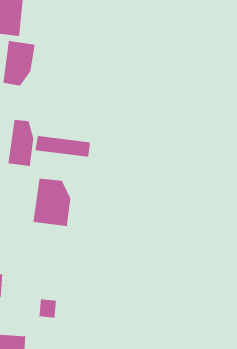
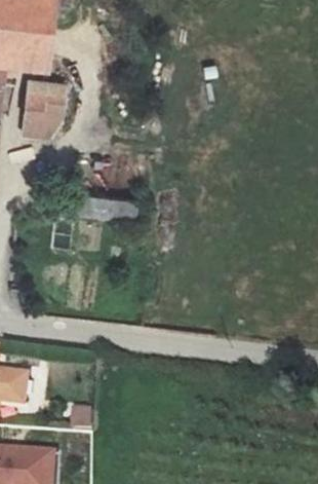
building: [8,119,34,167] -> none
building: [32,178,71,227] -> none

